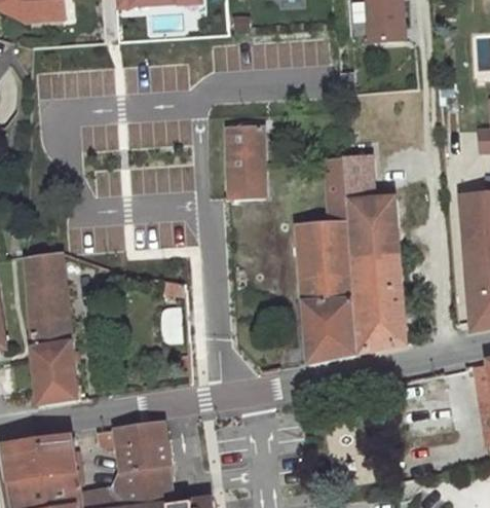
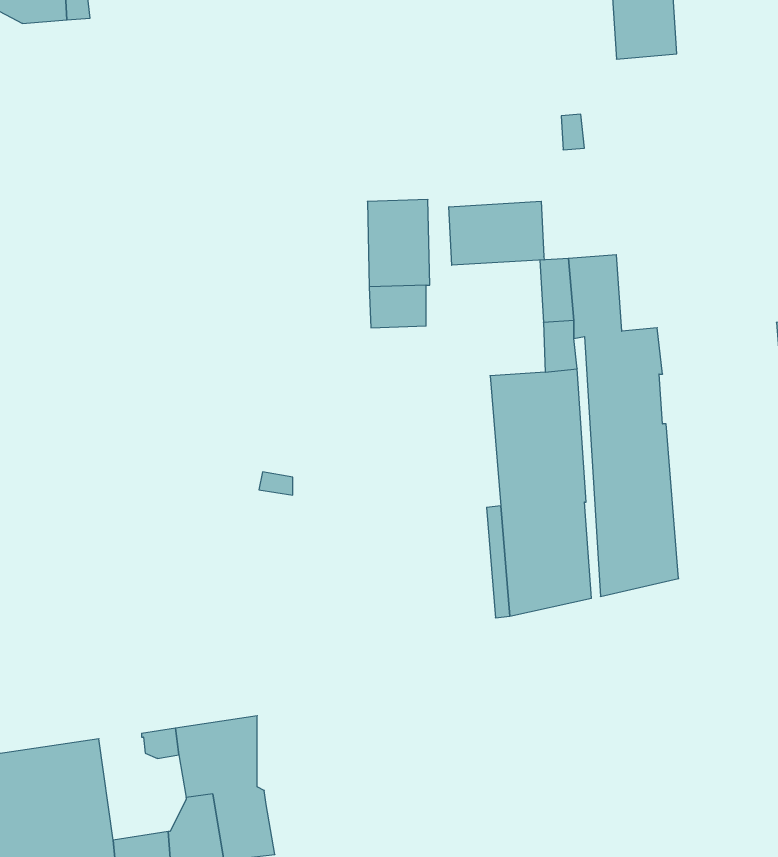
building: none -> [449,201,544,265]
building: [26,252,80,405] -> none

